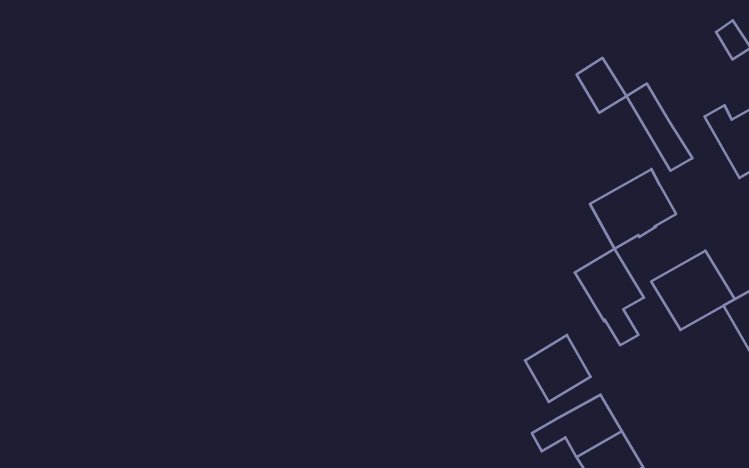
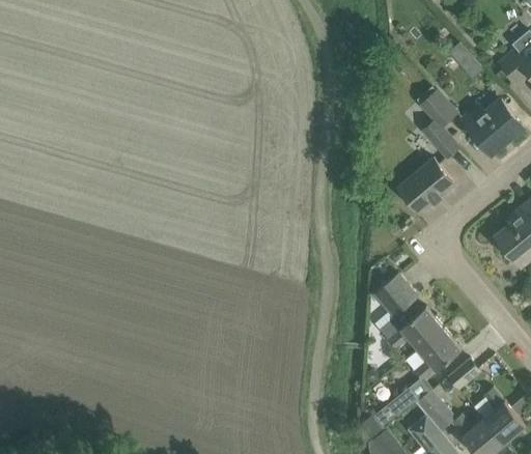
building: [577,58,627,113] -> [421,91,455,126]
building: [575,249,644,345] -> none
building: [651,251,735,330] -> none

